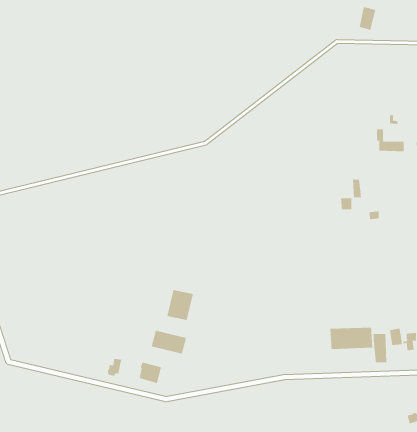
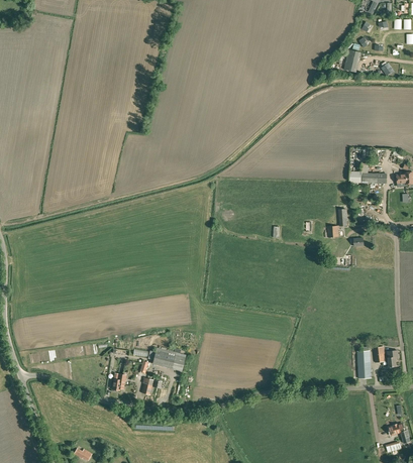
building: [167,289,194,321] -> none
building: [330,327,373,350] -> none

